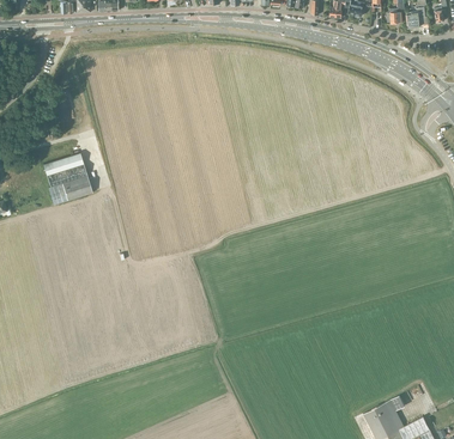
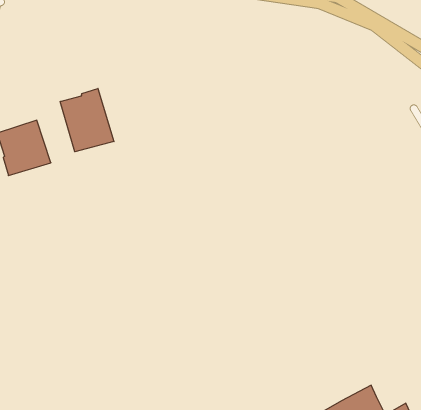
building: none -> [60,88,114,152]

